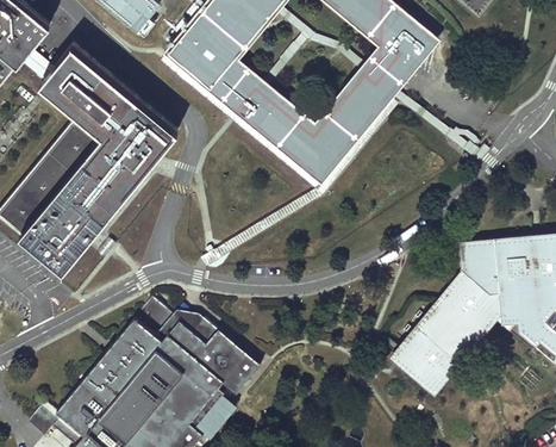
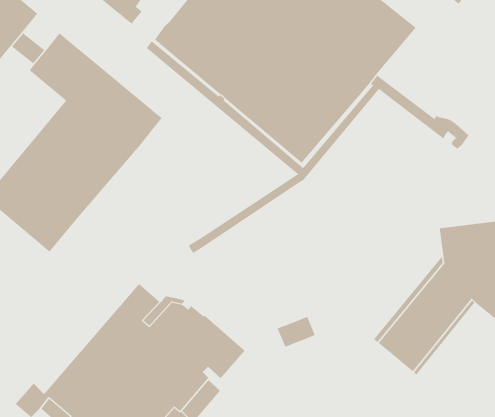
building: none -> [277,316,315,347]

